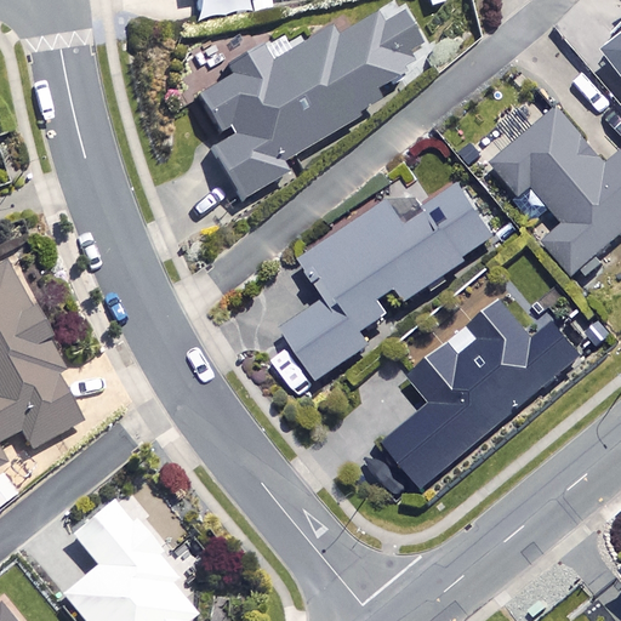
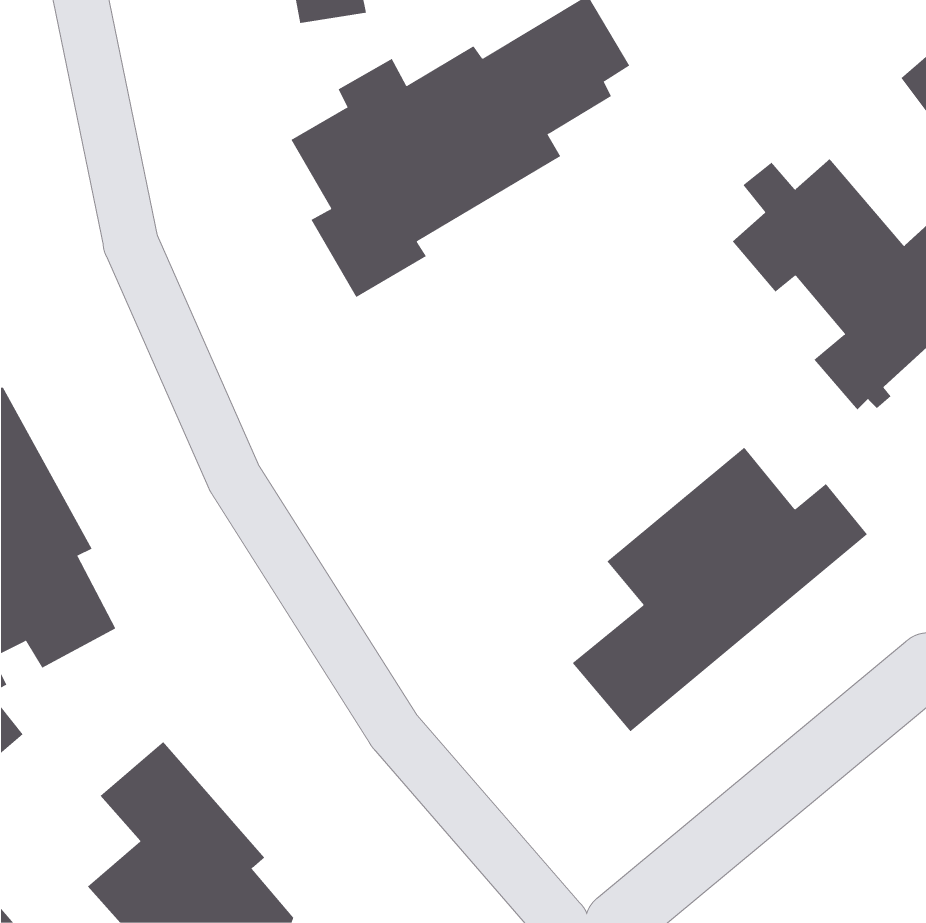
building: [280,182,494,381] -> none

